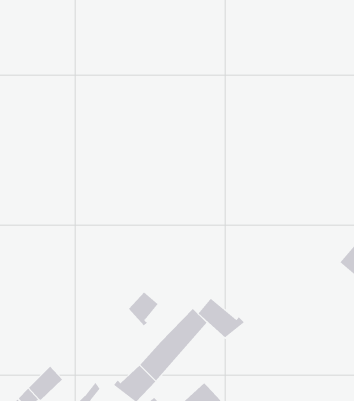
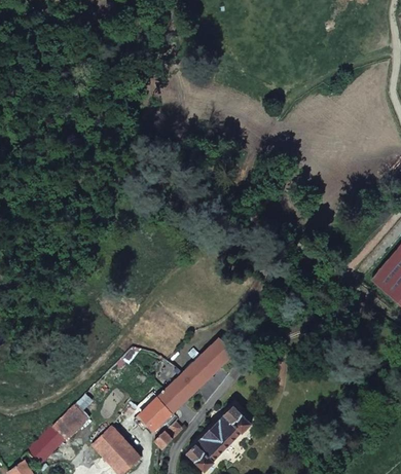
building: [128,292,158,326] -> none
building: [198,298,245,338] -> none

